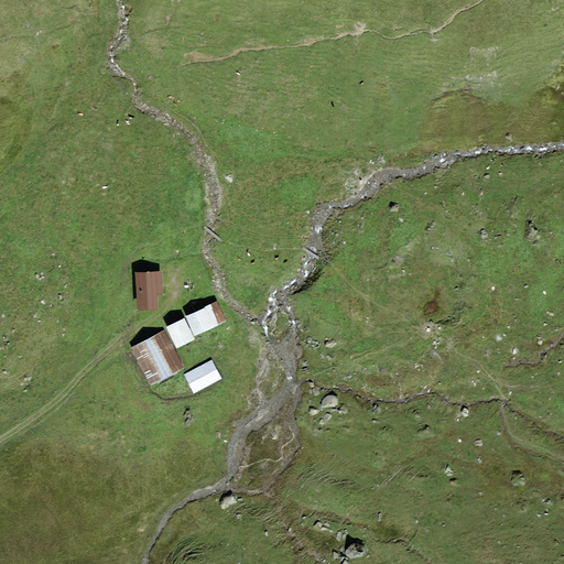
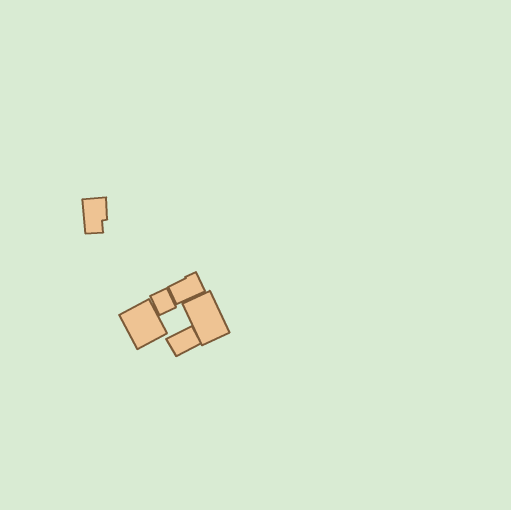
building: [134,270,162,310] -> [82,197,107,233]
building: none -> [182,291,229,345]

